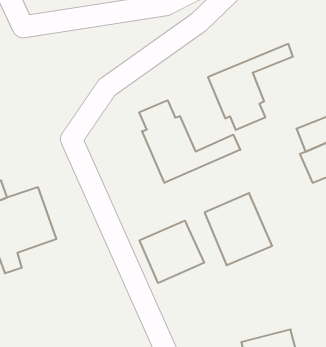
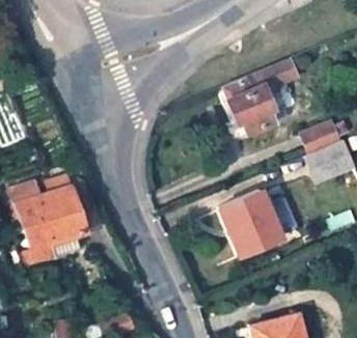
building: [139,100,240,183] -> none
building: [140,221,204,283] -> none

